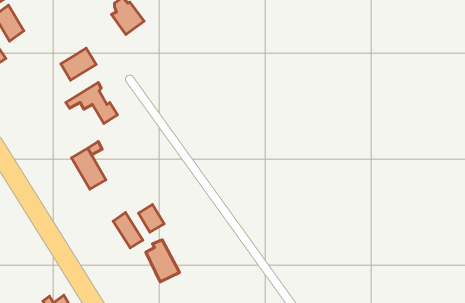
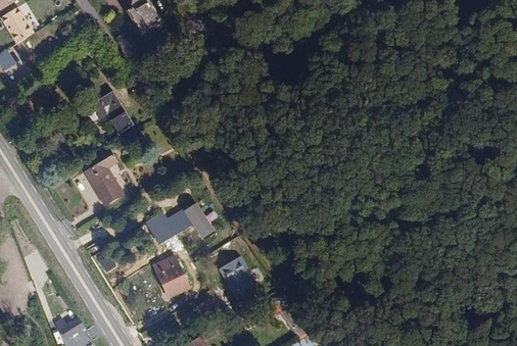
building: [61,48,96,80] -> none
building: [113,212,143,248] -> [185,203,217,241]
building: none -> [219,256,260,299]

